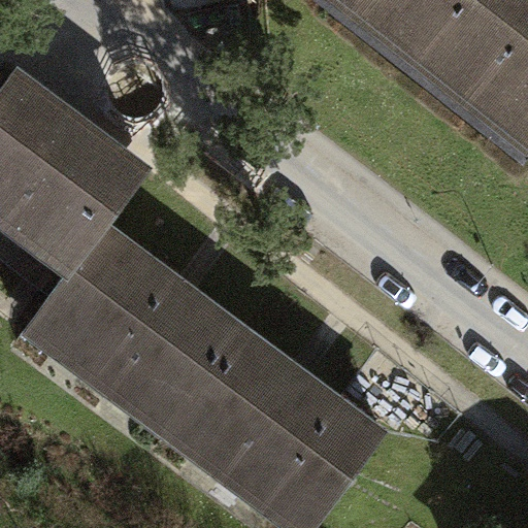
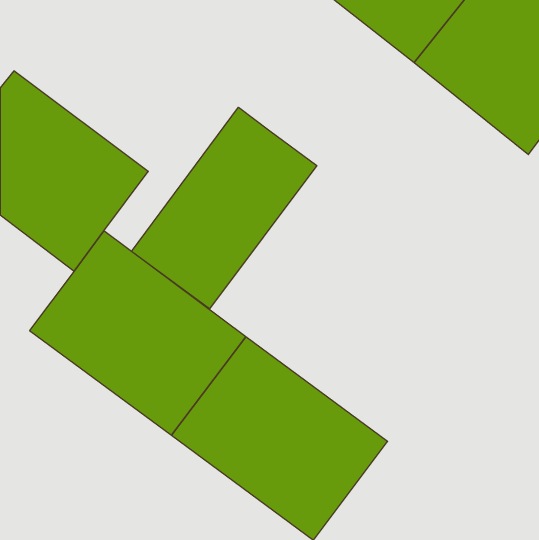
building: none -> [131,107,317,309]

